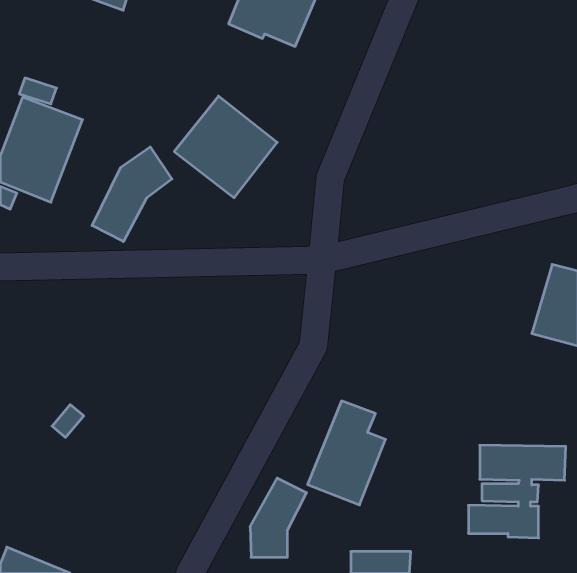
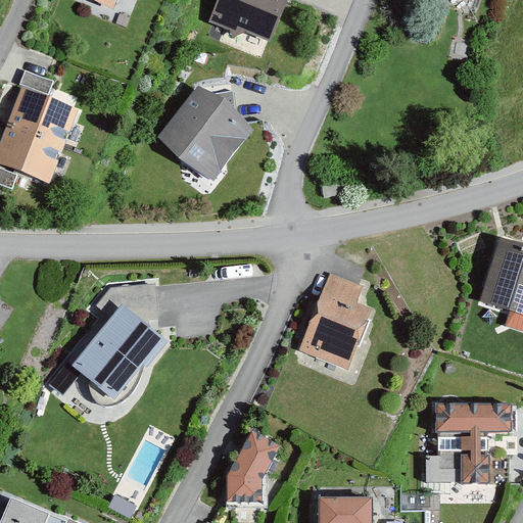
building: [92,147,172,242] -> none
building: none -> [73,285,167,396]
building: [308,401,386,505] -> [300,275,371,369]

